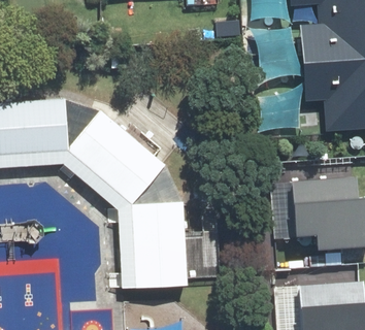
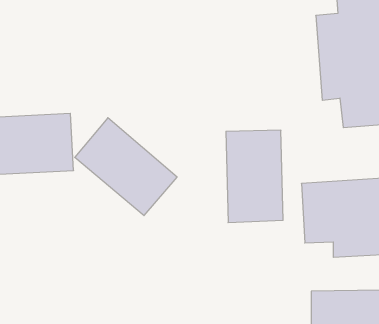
building: [139,210,193,297] -> [226,130,283,223]

